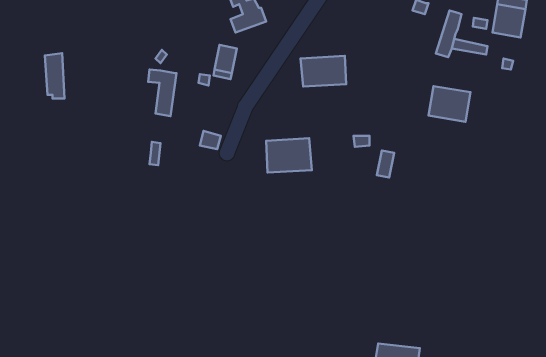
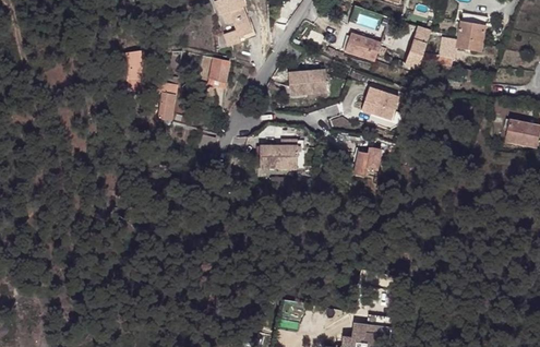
building: none -> [345,34,381,61]
building: [45,53,65,99] -> [124,50,142,91]
building: [429,86,470,122] -> [358,86,395,118]

